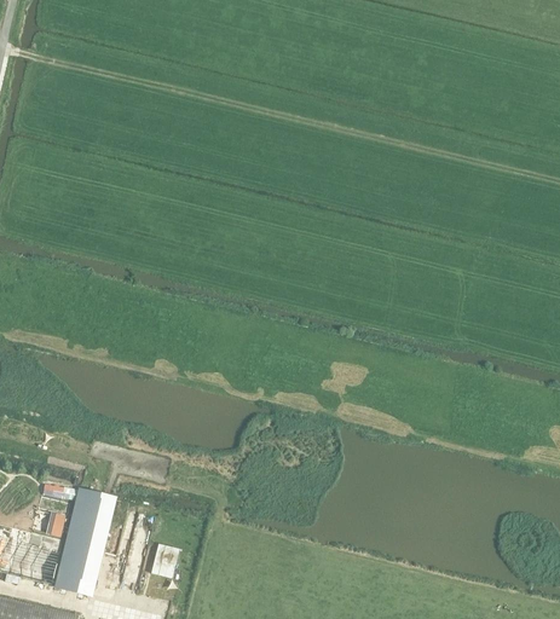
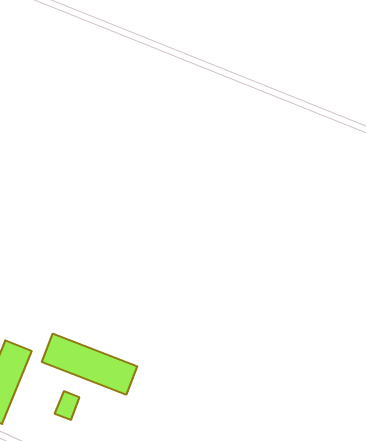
building: none -> [42,334,137,395]

